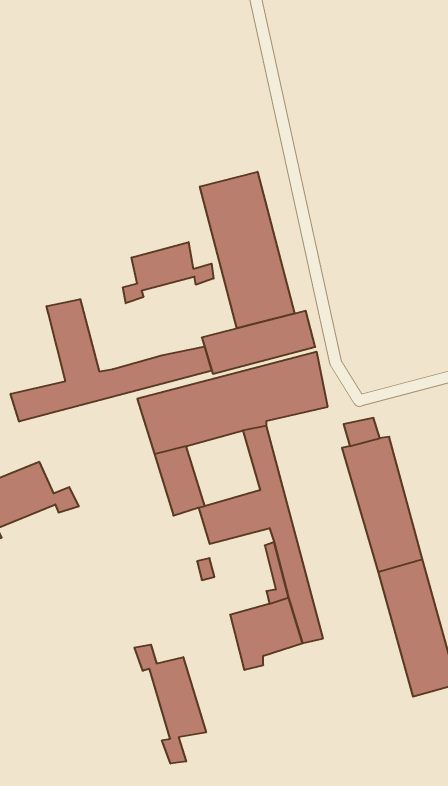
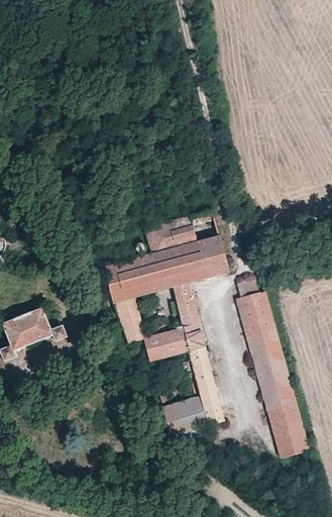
building: [200,172,294,328] -> none
building: [123,242,214,303] -> none
building: [11,299,212,422] -> none
building: [134,645,206,764] -> none

